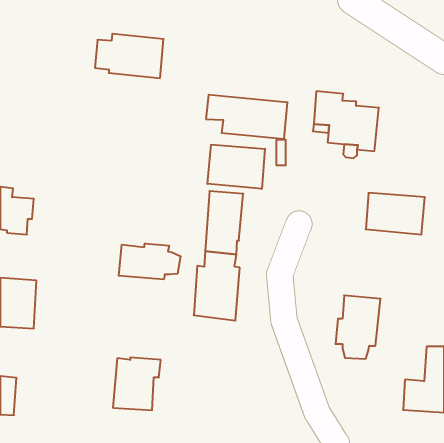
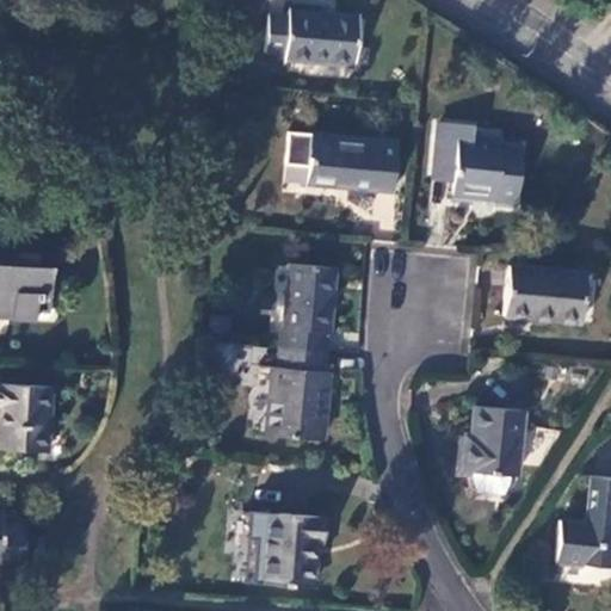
building: [95,34,164,78] -> [264,5,358,66]
building: [207,145,265,189] -> none
building: [119,243,180,279] -> none
building: [113,357,161,410] -> [259,512,325,585]

